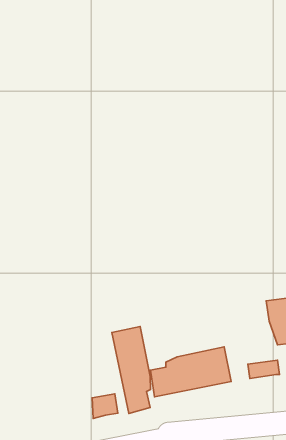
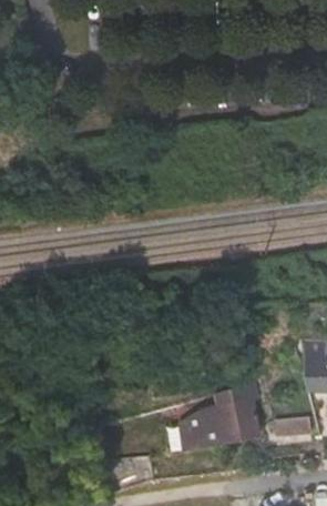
building: [112,327,150,414] -> none

